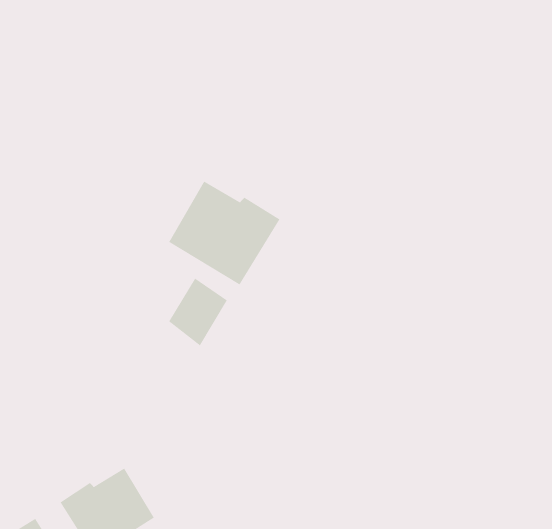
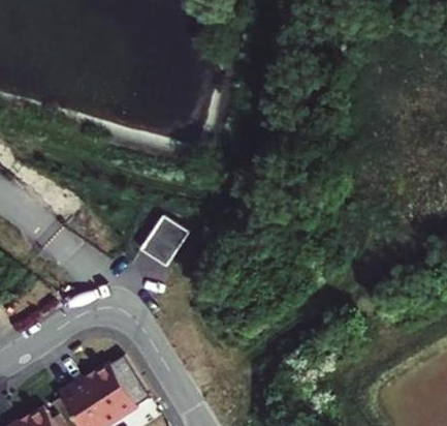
building: [168,181,280,286] -> none

